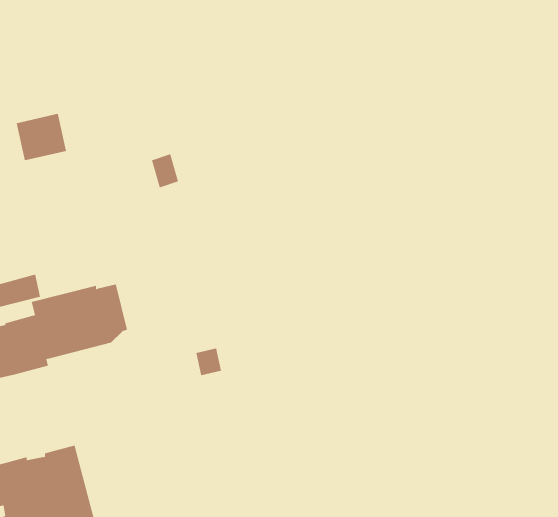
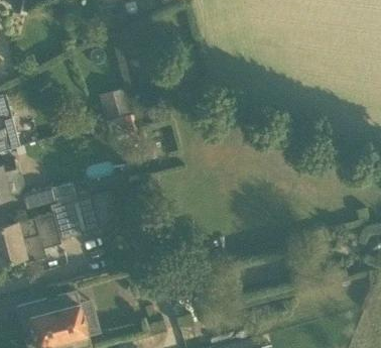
building: [16,113,67,161] -> [99,88,130,117]

